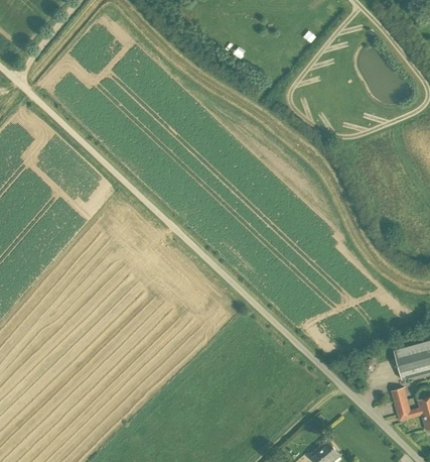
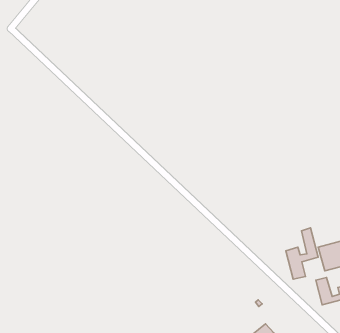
building: none -> [286,228,318,279]

